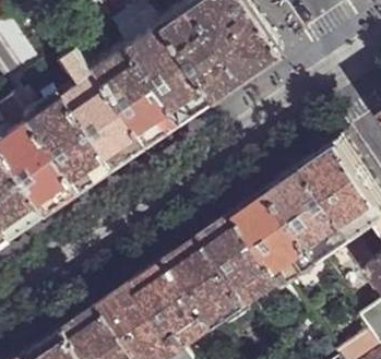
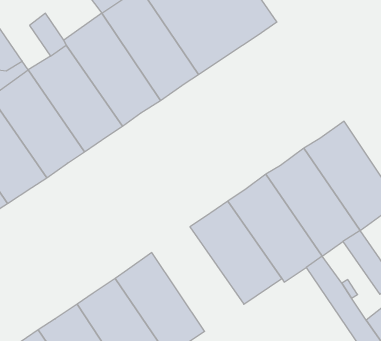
building: [171,236,253,328] -> none

